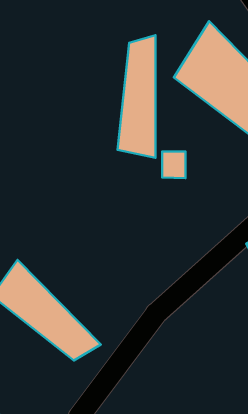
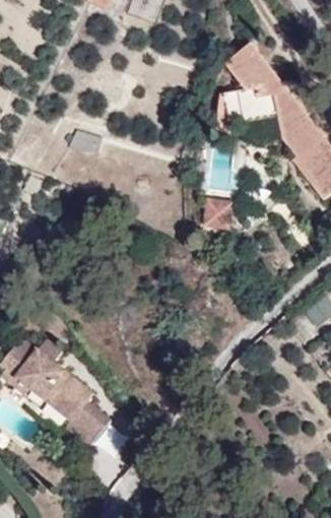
building: [118,35,156,158] -> none

